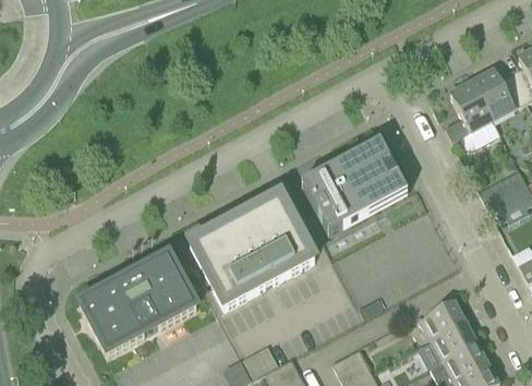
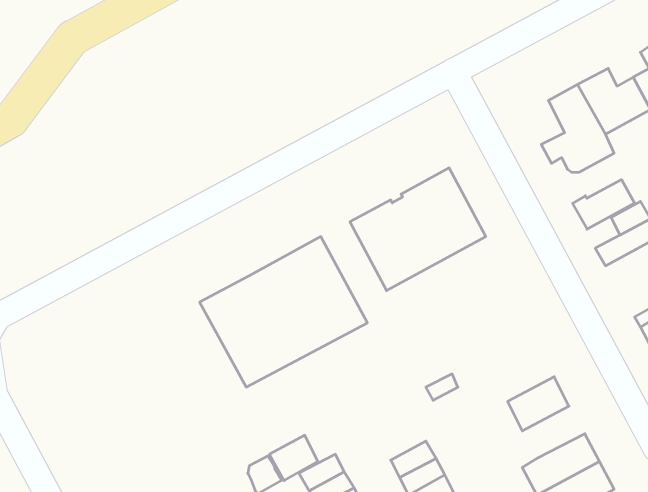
building: none -> [573,180,635,229]
building: [78,254,195,353] -> none
building: [418,321,476,366] -> none

